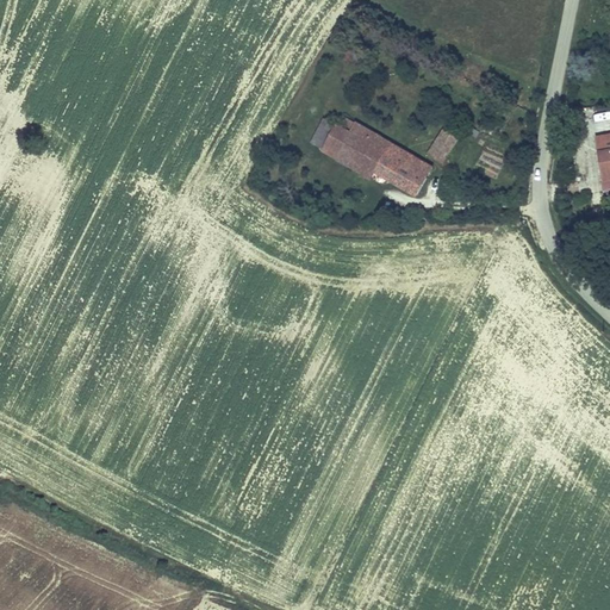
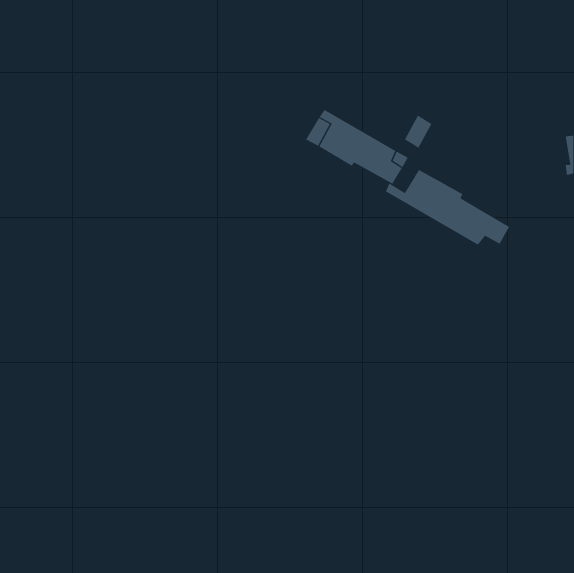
building: none -> [385,169,510,246]

